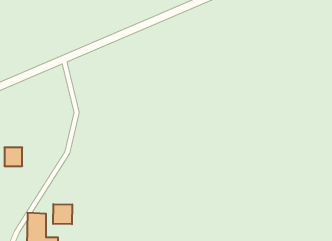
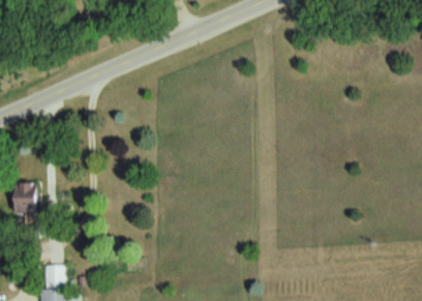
building: [53,204,72,224] -> none

